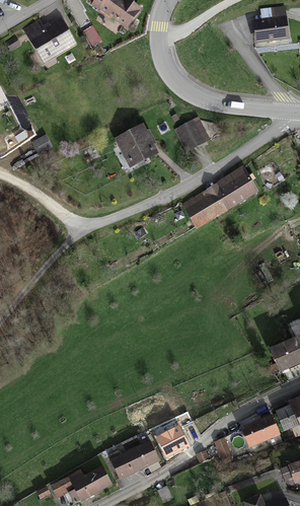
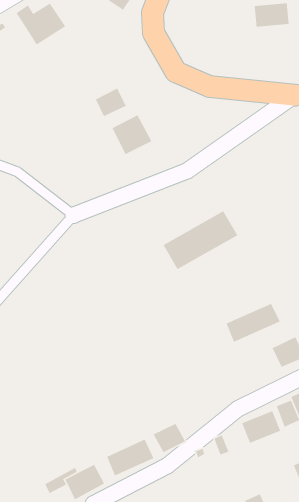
building: none -> [95,87,127,117]
building: [177,122,204,151] -> none
building: [183,170,256,228] -> [163,210,238,270]
building: none -> [225,303,281,343]

